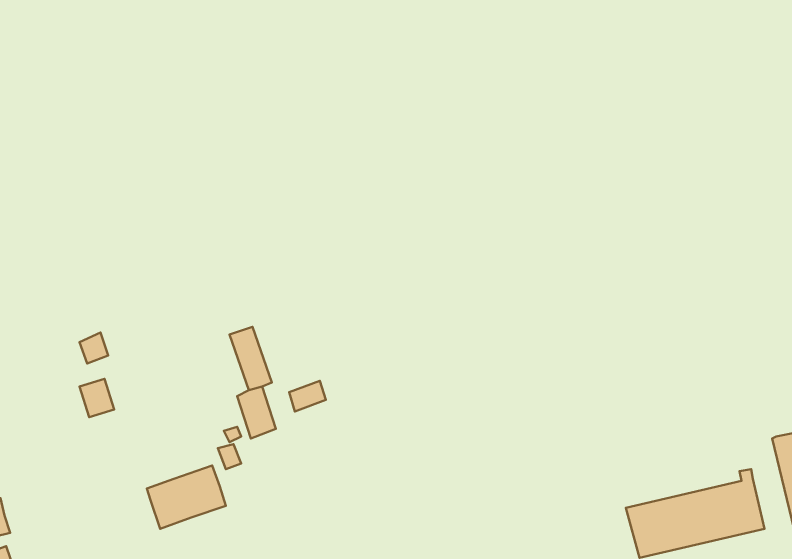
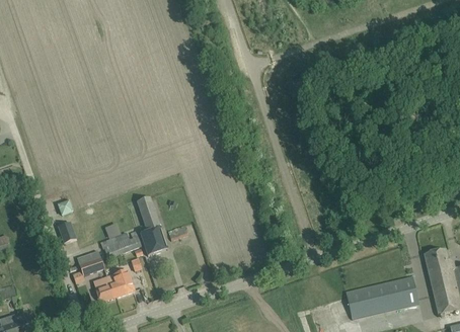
building: none -> [101,230,143,258]
building: none -> [70,252,105,275]

